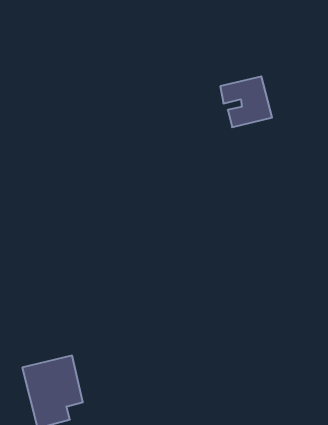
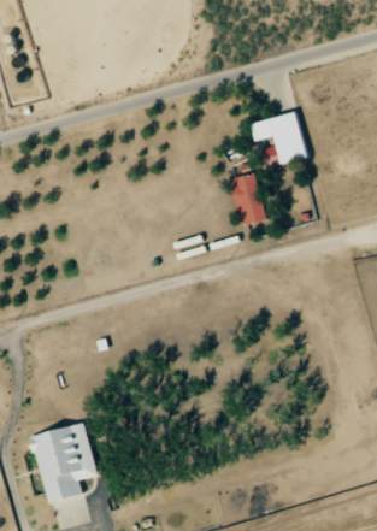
building: none -> [228,173,266,228]

